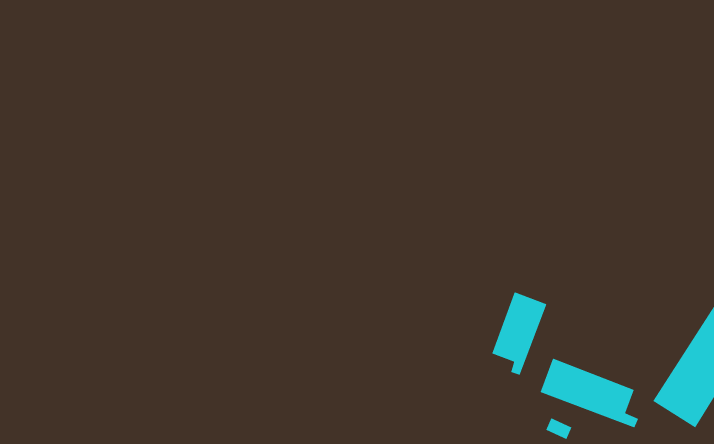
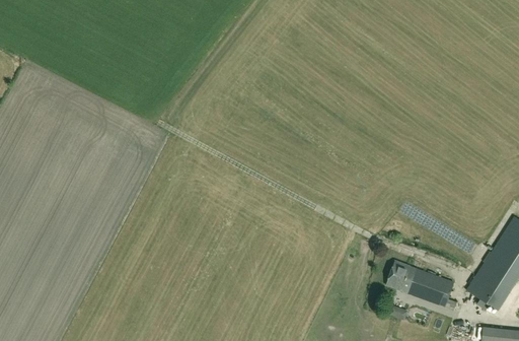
building: [491,291,547,376] -> none

